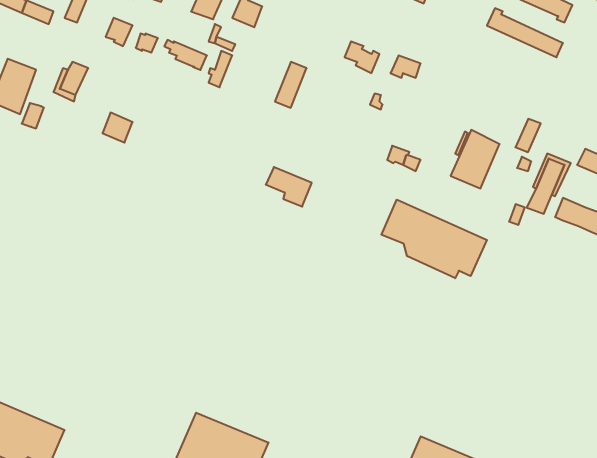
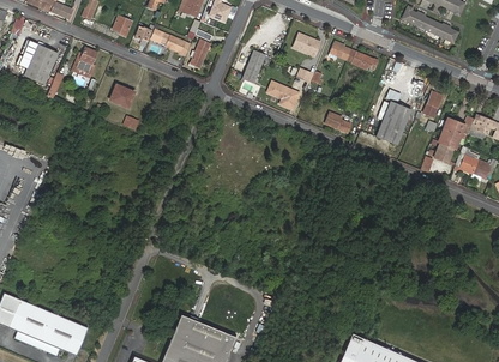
building: [266,167,312,207] -> [266,79,301,109]
building: [381,200,487,278] -> none

